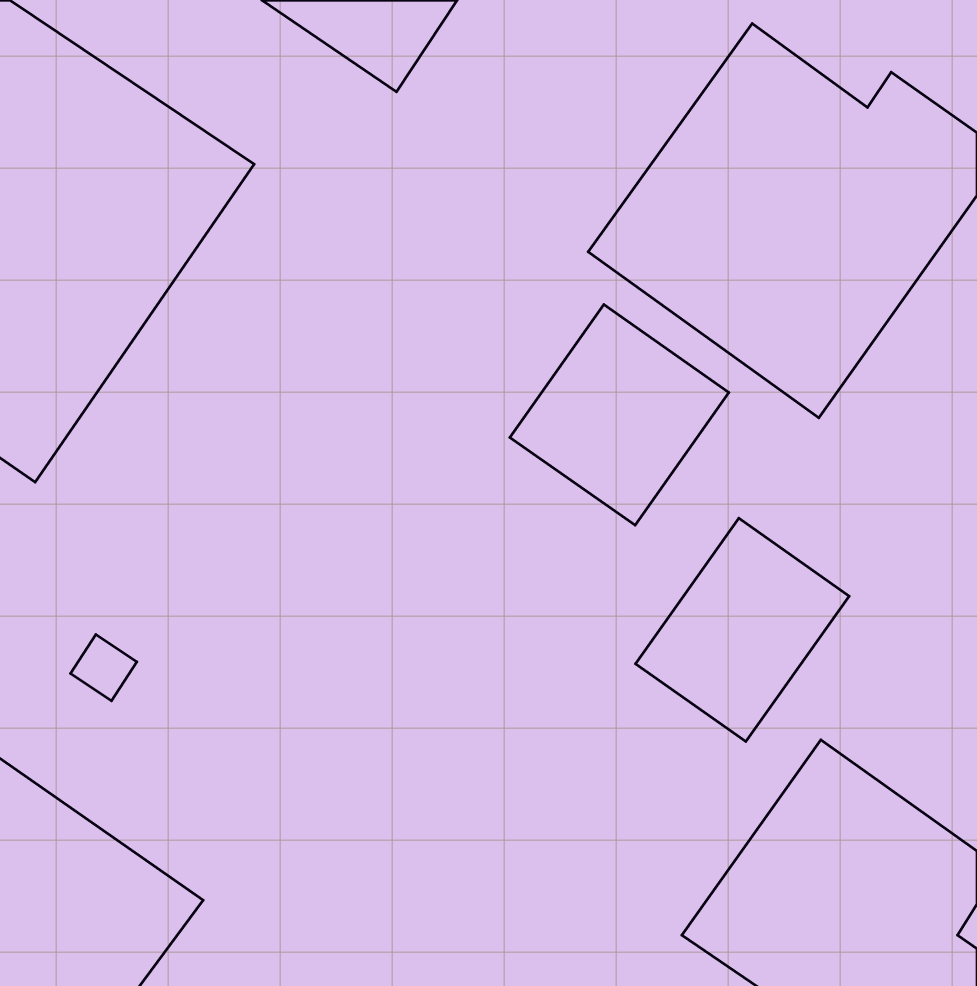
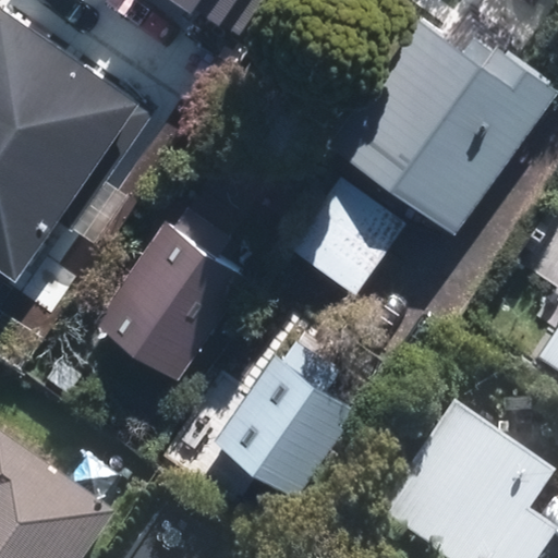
building: none -> [90,209,248,383]
building: [636,518,849,742] -> none
building: none -> [210,341,359,501]

